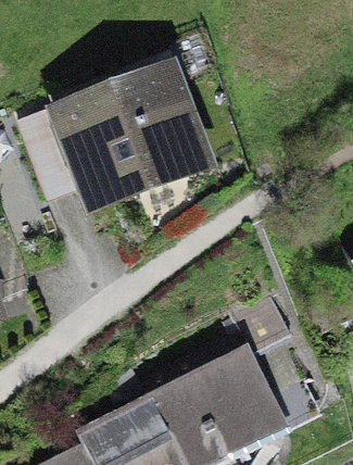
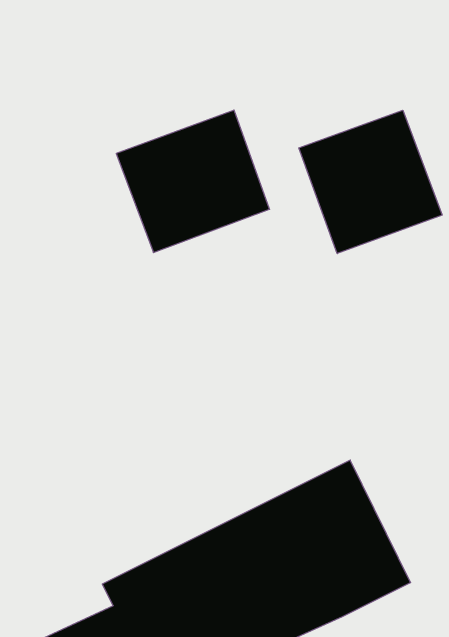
building: none -> [299,110,442,254]

